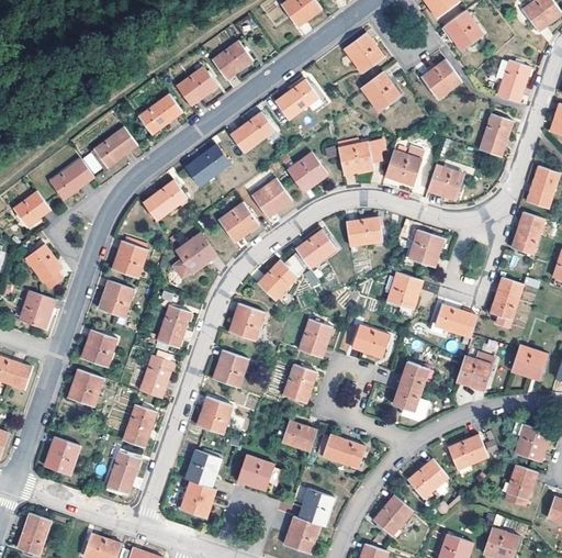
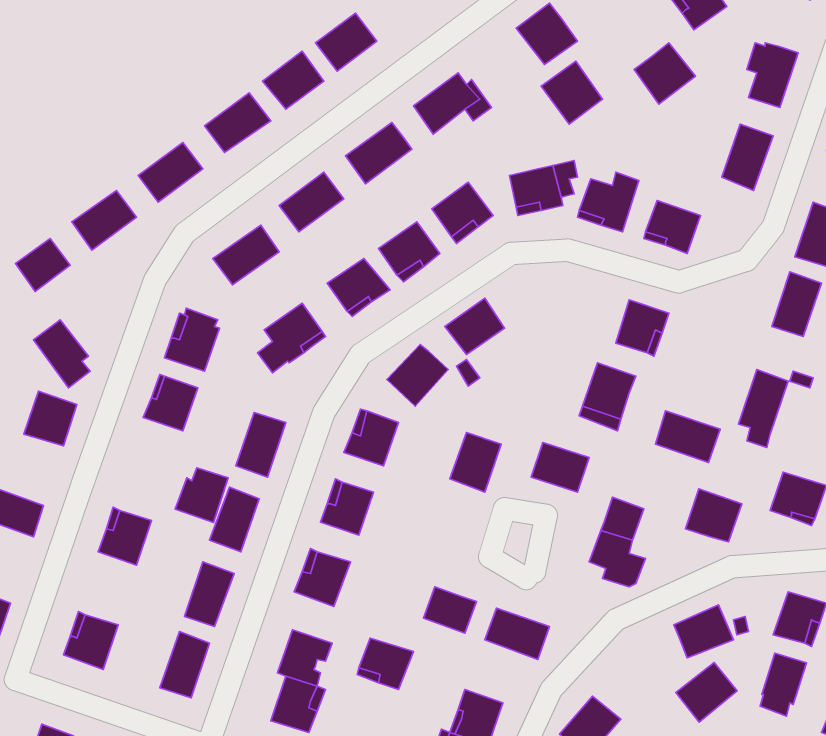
building: [347,217,383,246] -> none
building: [80,331,115,367] -> [175,468,228,522]
building: [283,364,317,402] -> none
building: [408,458,449,498] -> [676,663,737,722]

